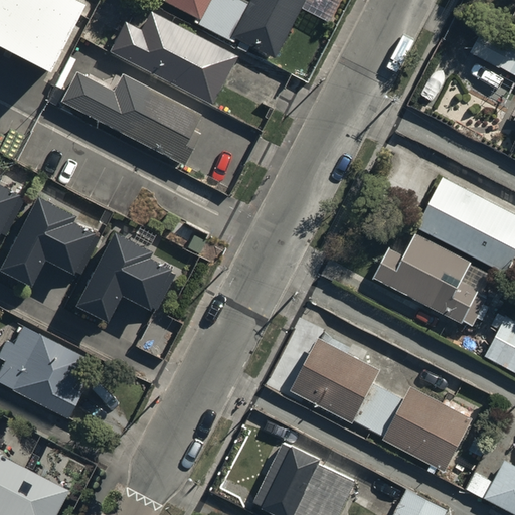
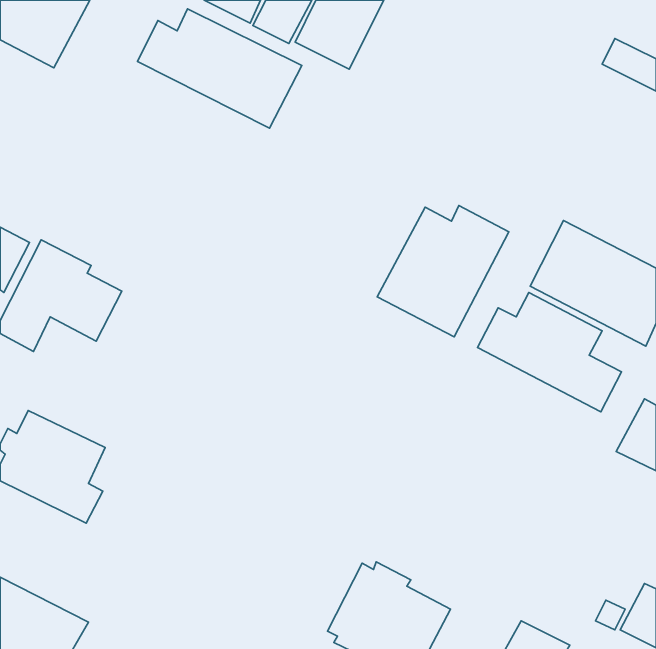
building: [57,68,199,165] -> none
building: none -> [377,206,509,337]
building: [75,230,175,318] -> none
building: [293,339,472,471] -> none

